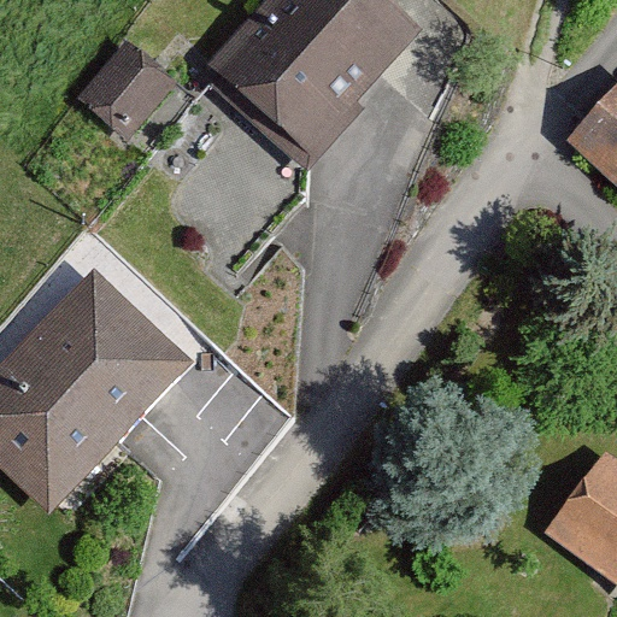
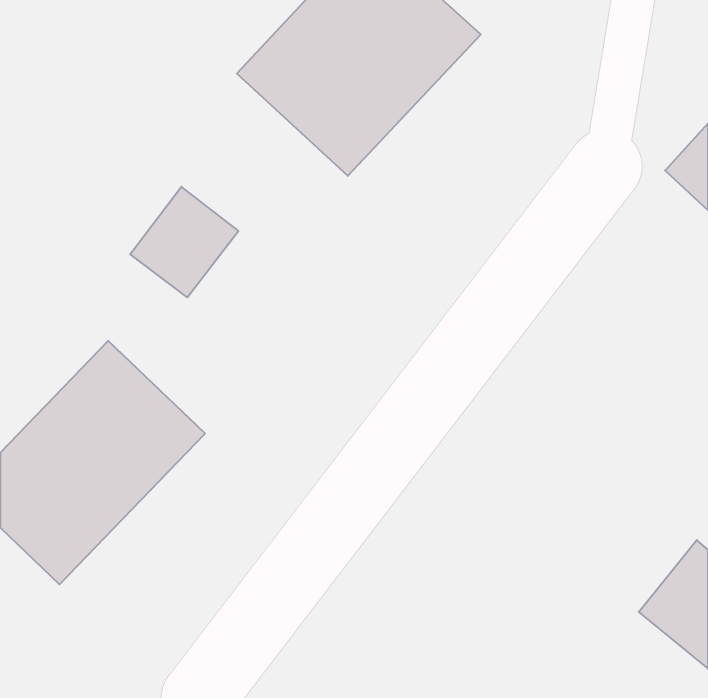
building: [84,25,178,122] -> [130,187,238,297]

